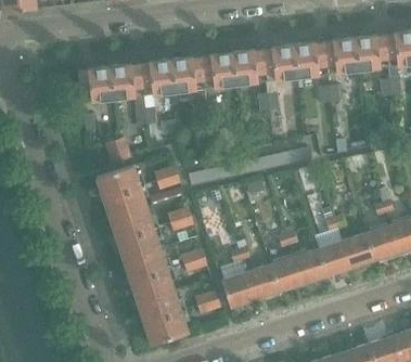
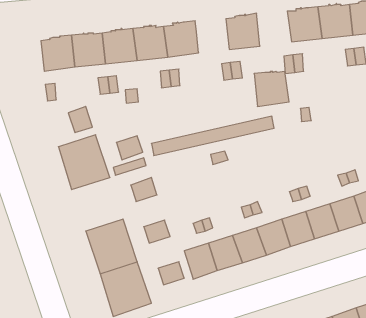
building: [293,42,327,77] -> [254,71,289,106]
building: [232,50,266,83] -> none
building: [110,207,160,260] -> none

